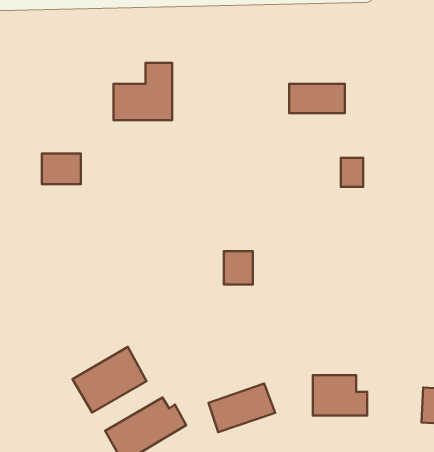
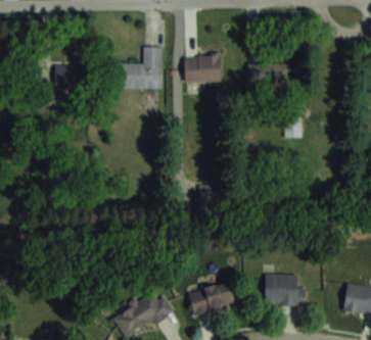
building: none -> [186,54,220,81]
building: [42,153,81,184] -> [54,65,83,88]
building: [73,347,147,412] -> none

